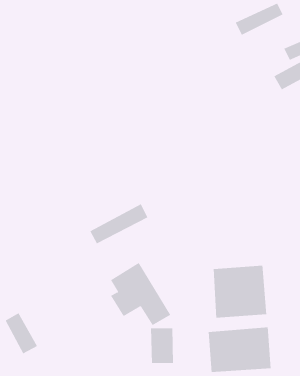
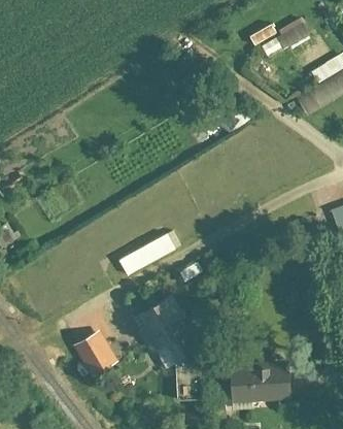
building: [213,265,267,318] -> none
building: [5,313,38,354] -> [76,330,110,373]

